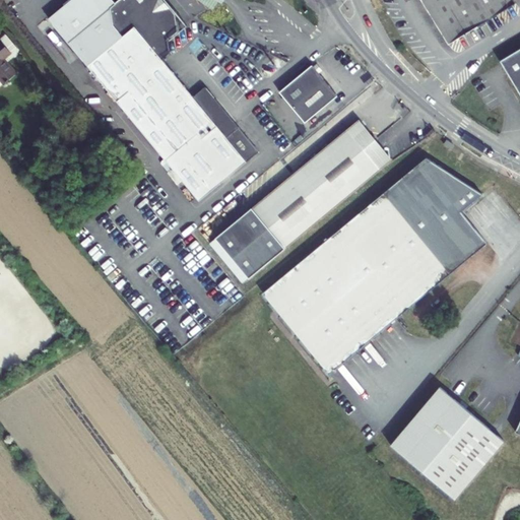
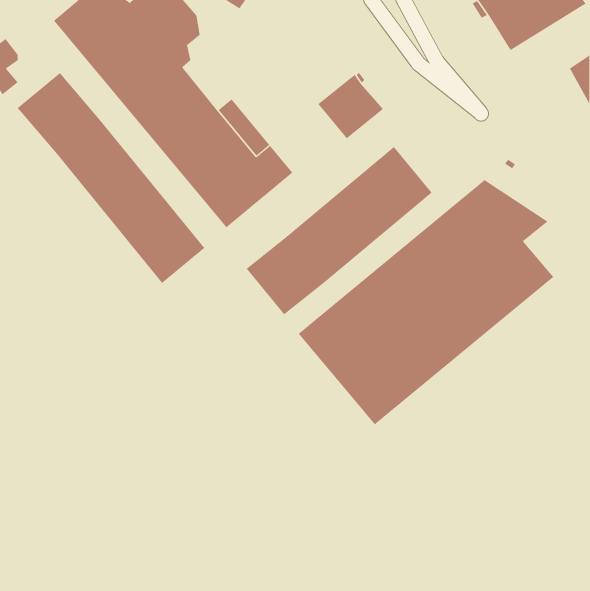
building: none -> [17,72,205,284]
building: [345,119,391,169] -> none
building: [389,386,503,499] -> none

